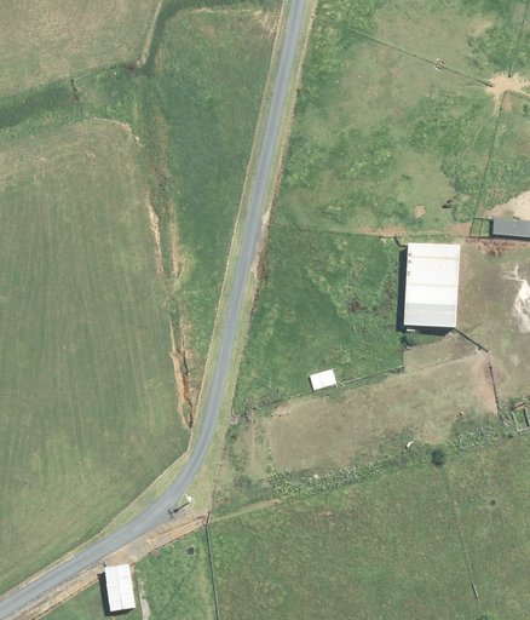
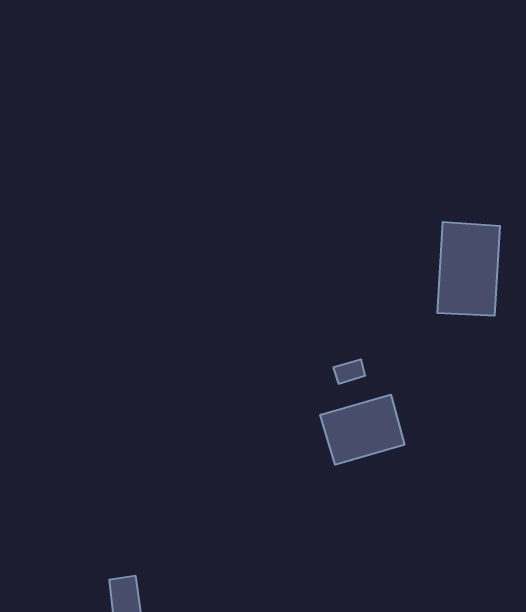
building: none -> [320,395,404,465]

